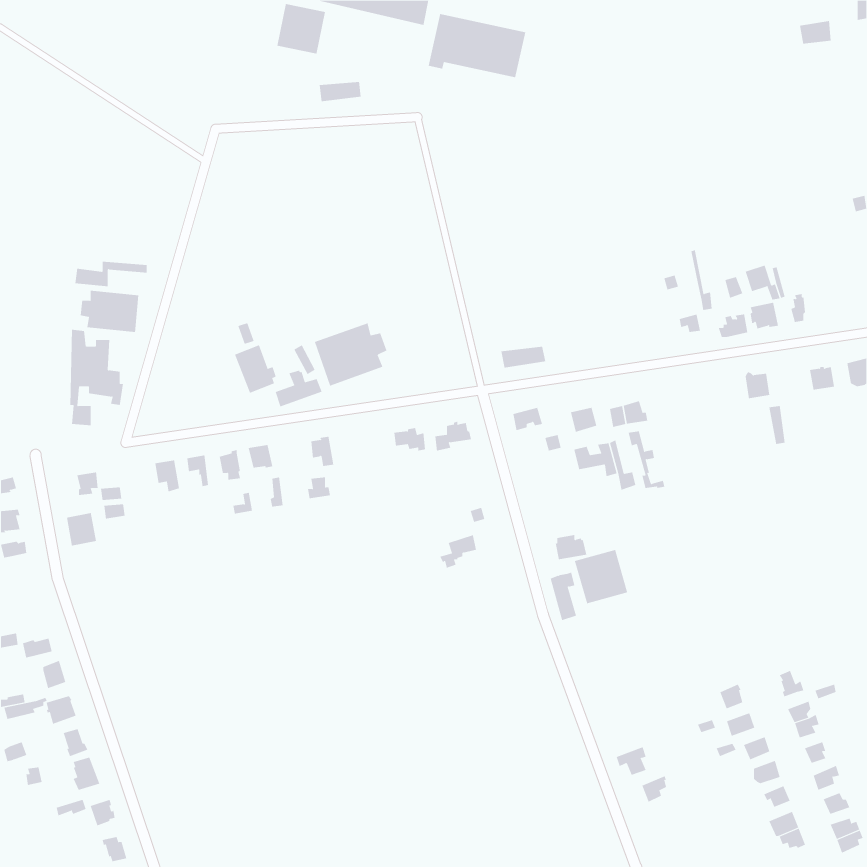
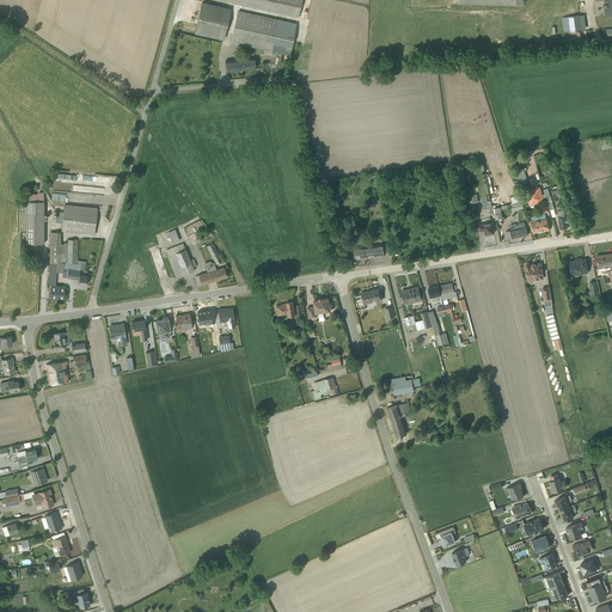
building: [428,13,526,78] -> [228,10,298,55]
building: none -> [25,194,44,244]
building: [314,322,387,386] -> none
building: [574,549,628,604] -> none

